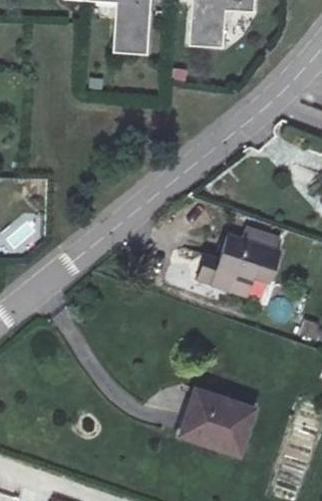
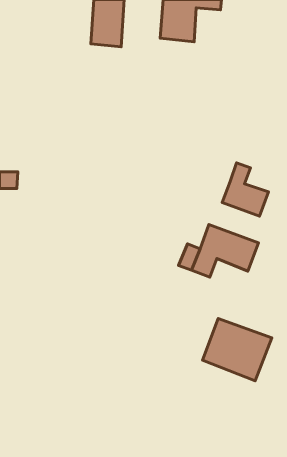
building: none -> [222,163,268,216]
building: [187,389,258,453] -> [202,318,272,381]

